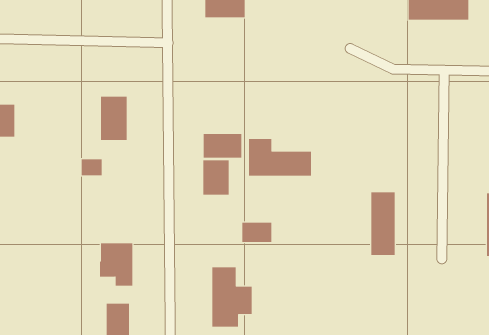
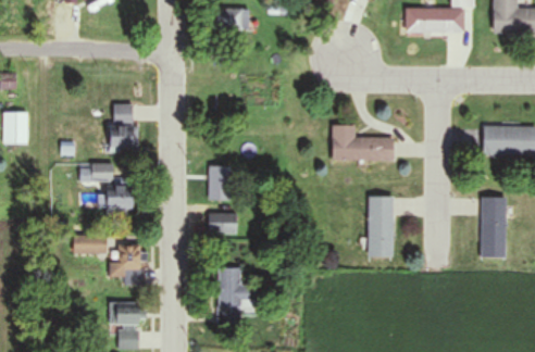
building: [203,133,242,159] -> none
building: [248,139,312,176] -> [332,125,393,161]
building: none -> [104,185,138,210]
building: [242,222,272,243] -> [208,213,237,232]
building: none -> [73,236,107,254]

